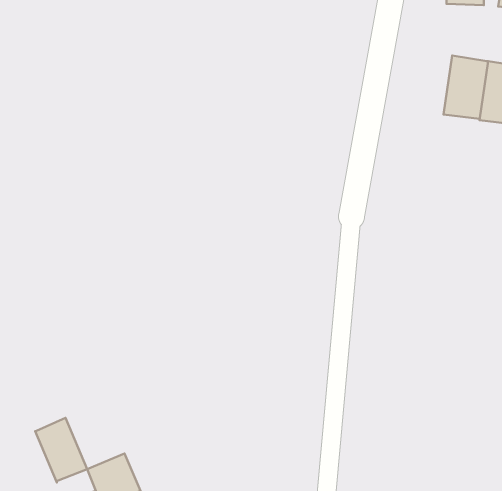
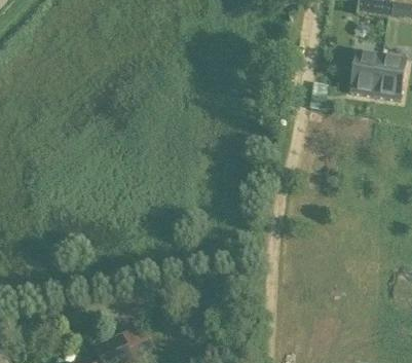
building: [35,418,87,482] -> none

